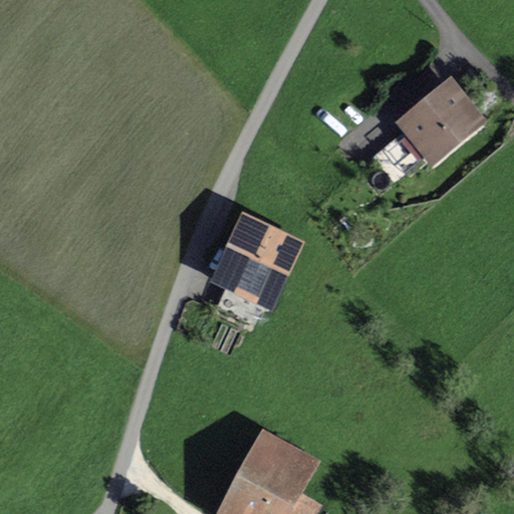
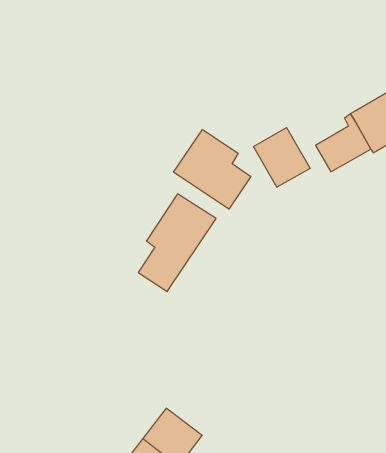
building: none -> [254,128,310,187]
building: none -> [173,130,251,209]

